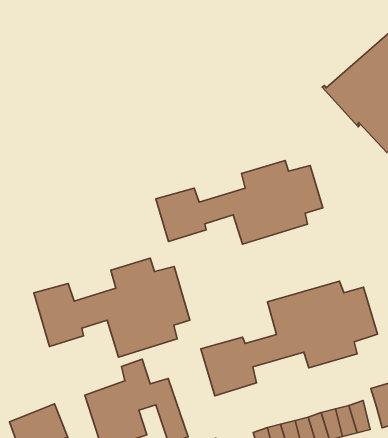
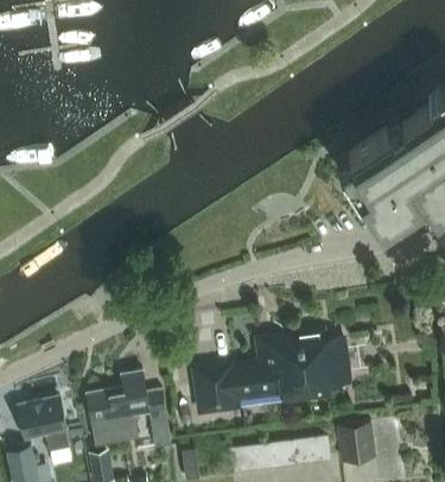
building: [156,161,323,244] -> none
building: [34,258,190,357] -> none

